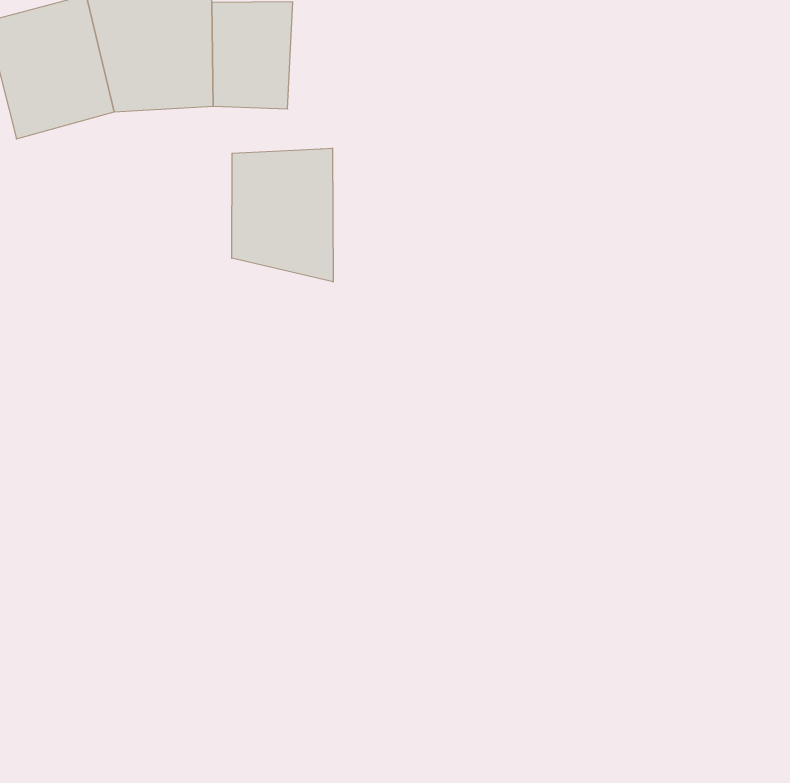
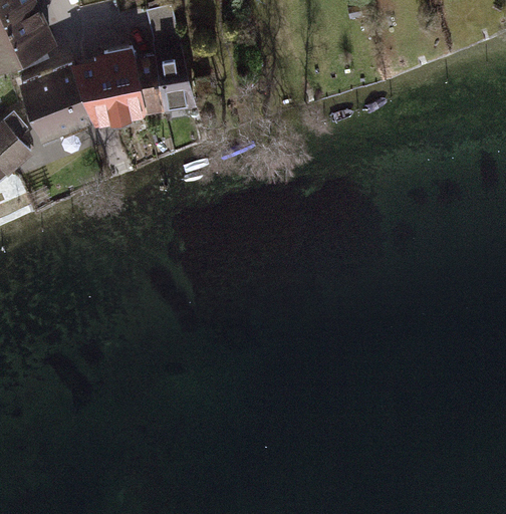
building: [232,148,333,282] -> none

